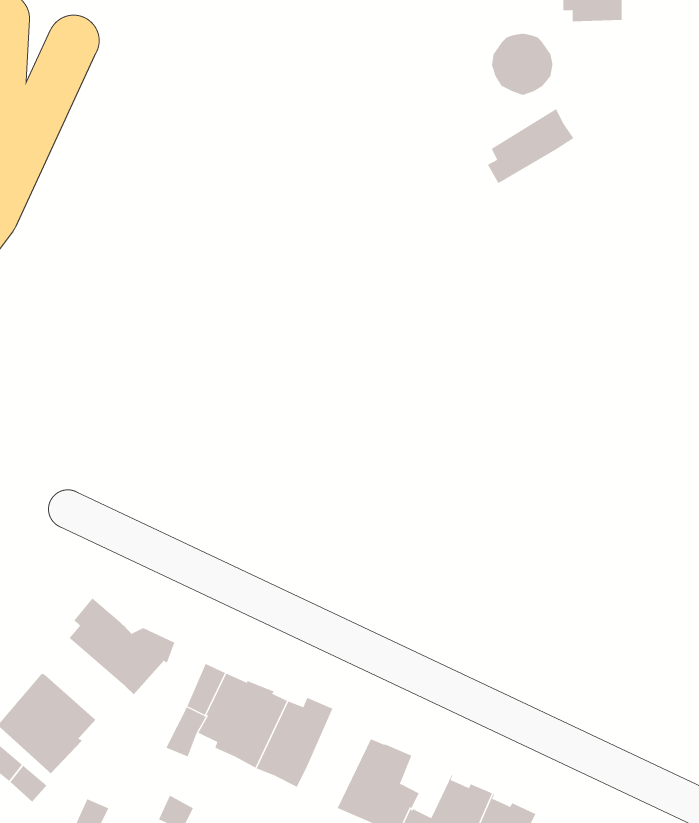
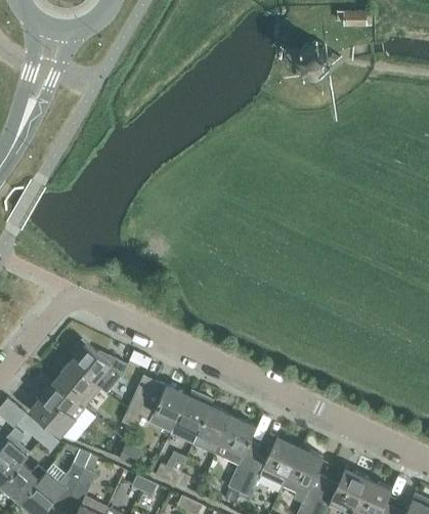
building: [487,108,574,184] -> none
building: none -> [56,362,99,406]
building: none -> [194,405,233,455]

